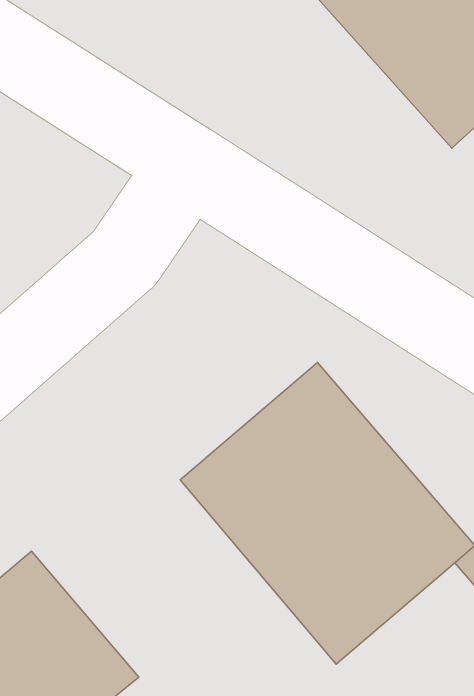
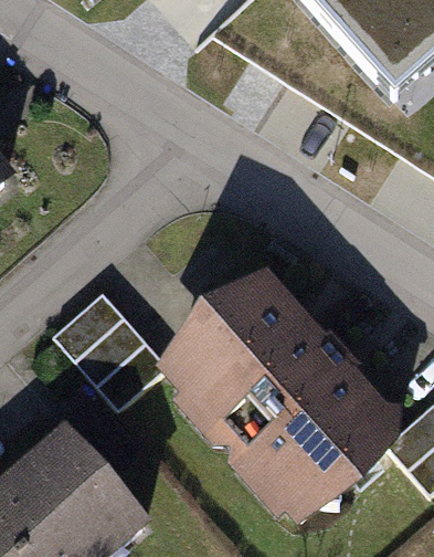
building: none -> [49,290,166,408]

